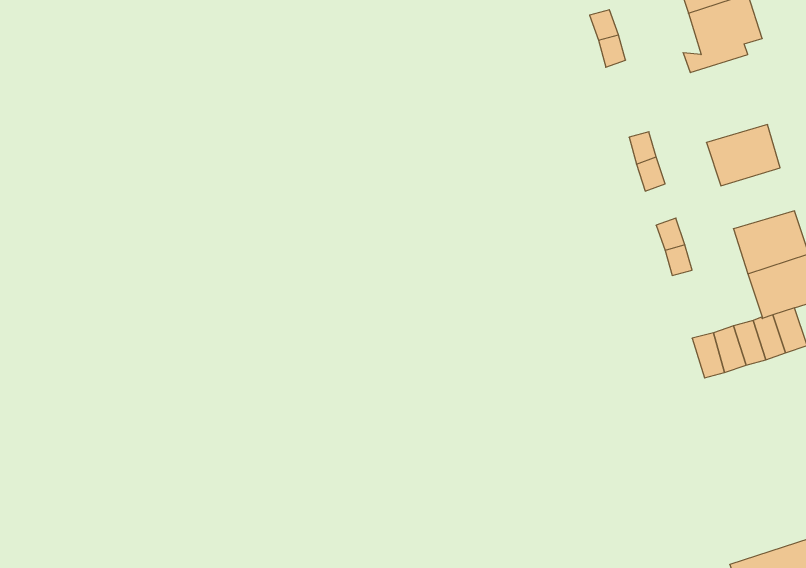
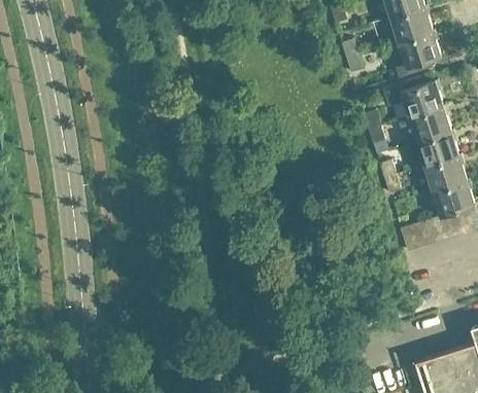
building: none -> [383,78,444,118]
building: none -> [409,133,459,171]

